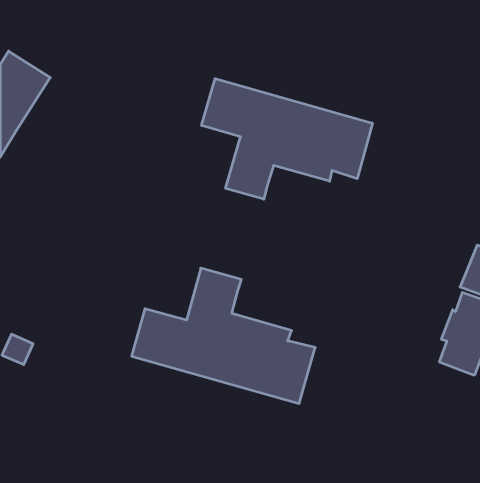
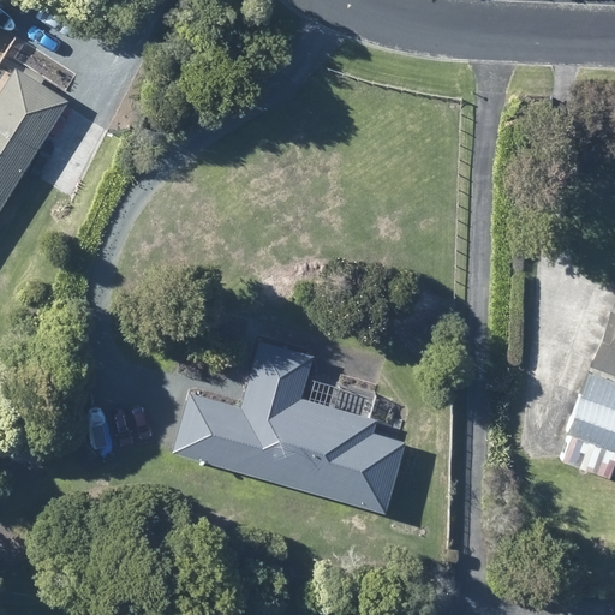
building: [202,79,372,199] -> none

